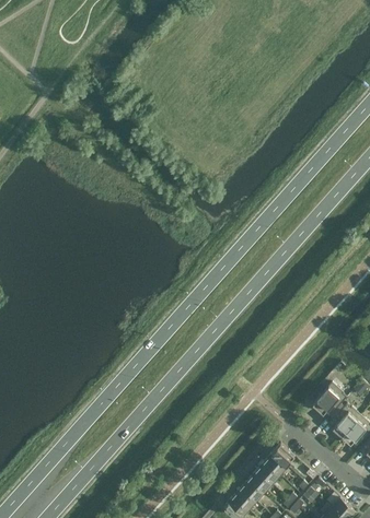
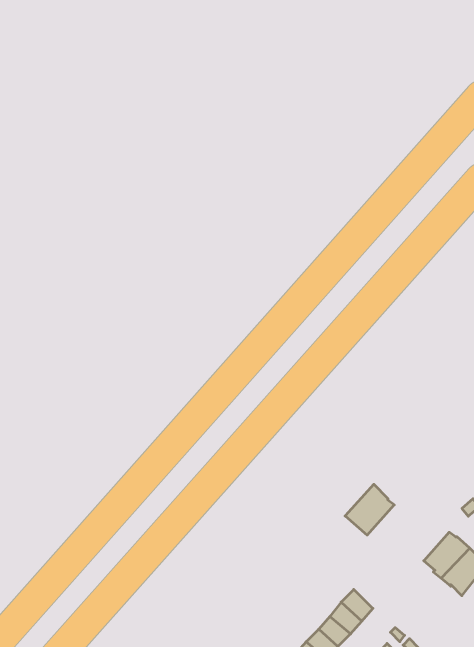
building: [312,384,346,419] -> [345,484,394,535]

